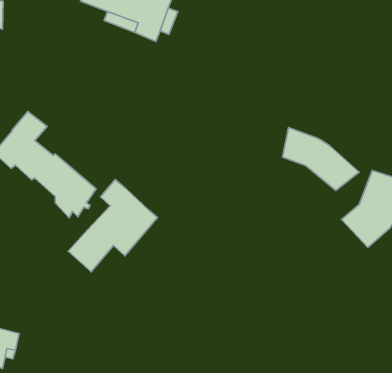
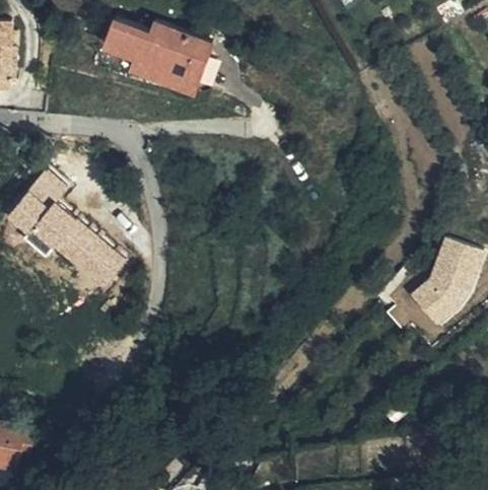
building: [282,127,359,191] -> none
building: [68,180,157,272] -> none

